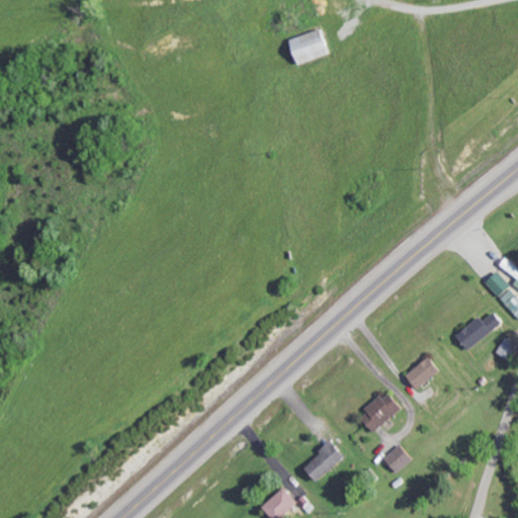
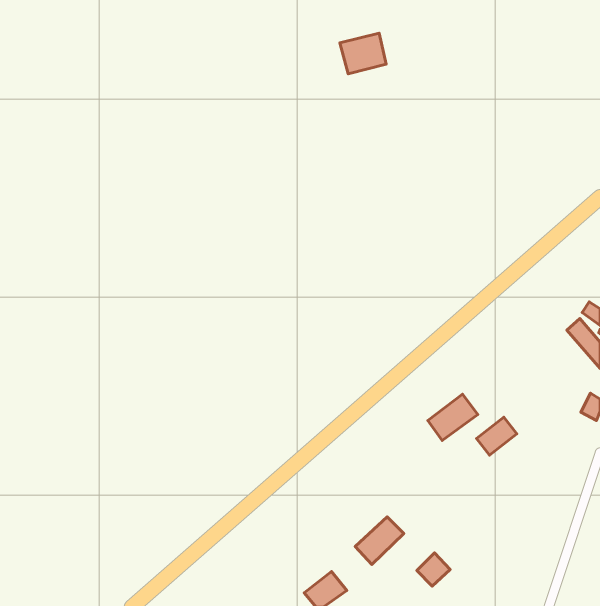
building: [455,312,501,350] -> none
building: [359,392,402,431] -> [428,394,478,441]
building: [382,443,411,471] -> [417,553,450,586]

